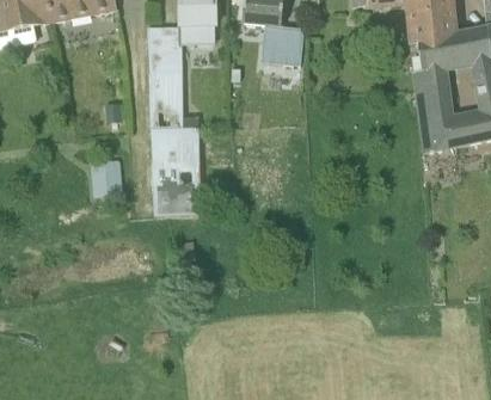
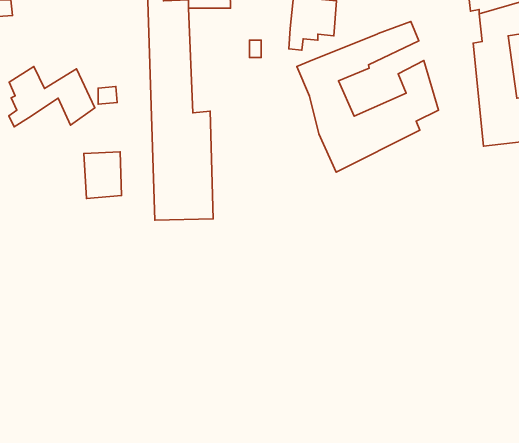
building: none -> [297,22,439,172]
building: none -> [9,66,95,127]

